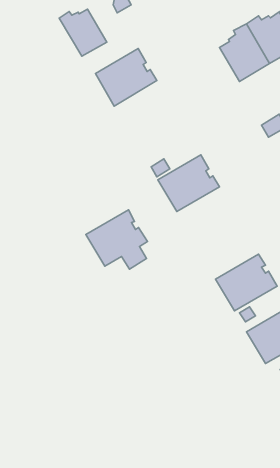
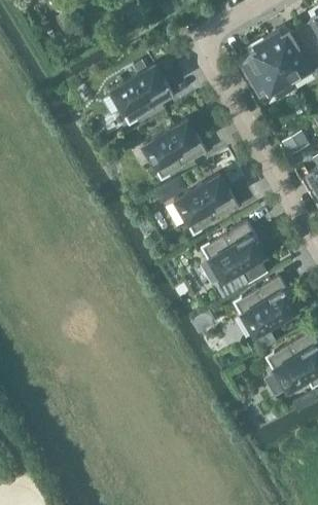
building: [59,9,107,56] -> none
building: none -> [141,120,205,179]
building: [86,210,147,269] -> [202,222,266,284]

